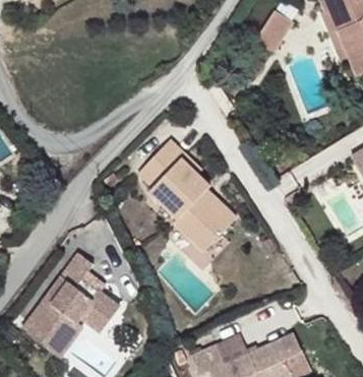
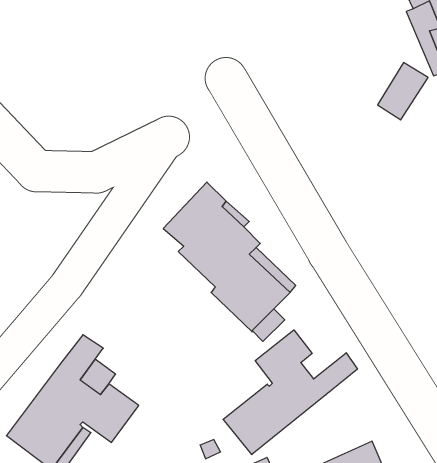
building: [255,9,293,52] -> [378,63,428,120]
building: none -> [223,330,357,455]

